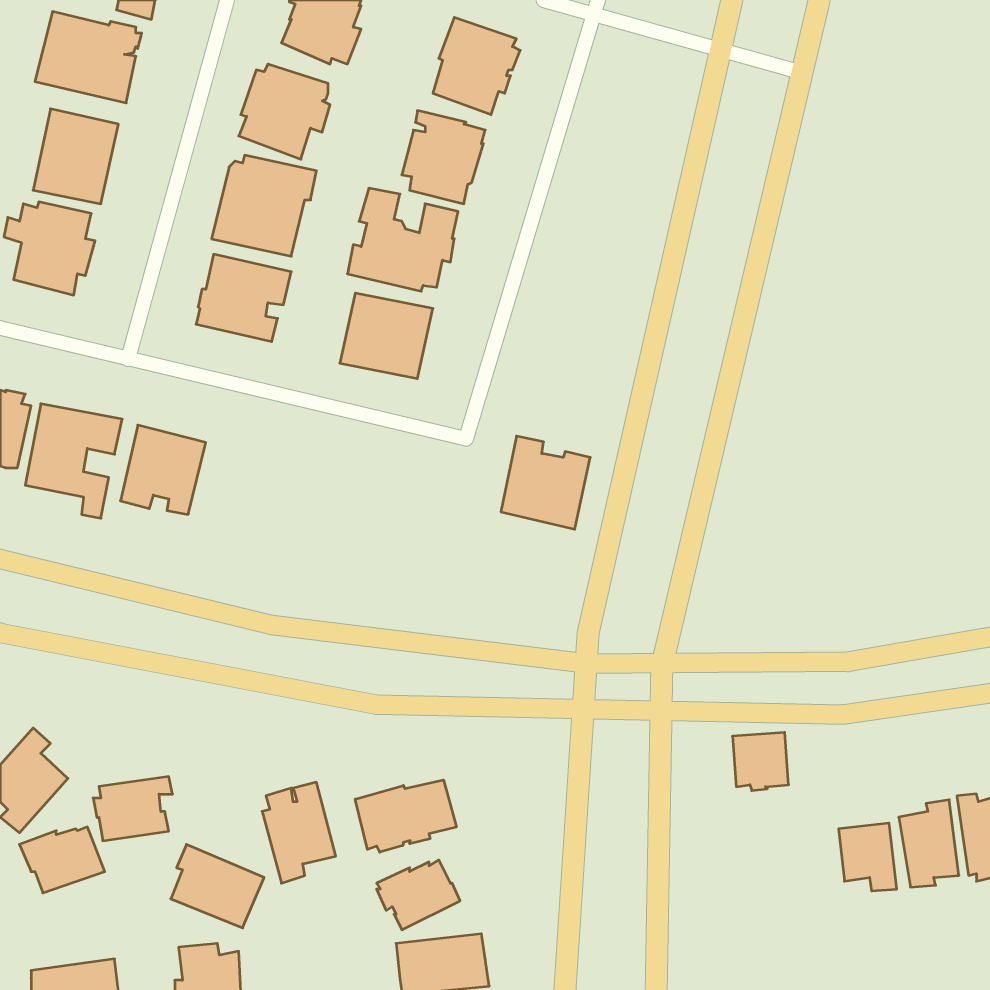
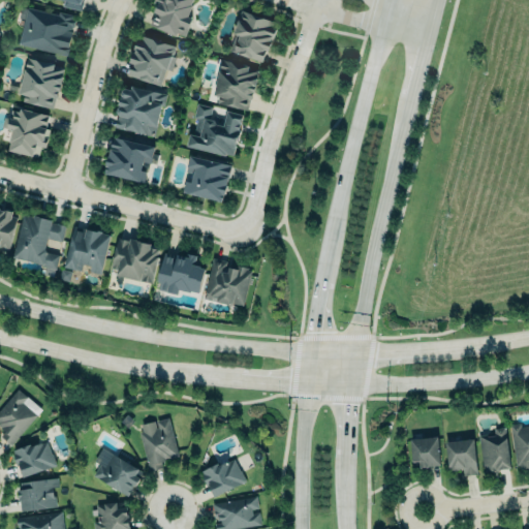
building: [501,436,590,529] -> [205,258,252,308]
building: none -> [111,239,160,284]
building: none -> [159,252,206,293]
building: [732,732,789,791] -> [411,436,441,467]
building: [93,777,173,841] -> [18,477,60,511]
building: [355,780,456,852] -> none

